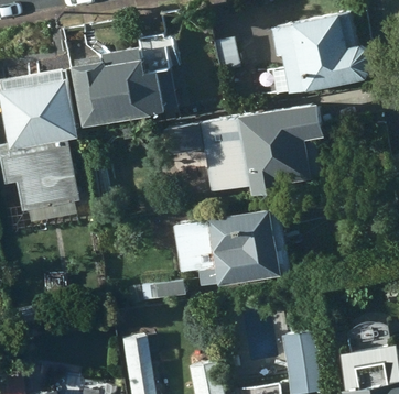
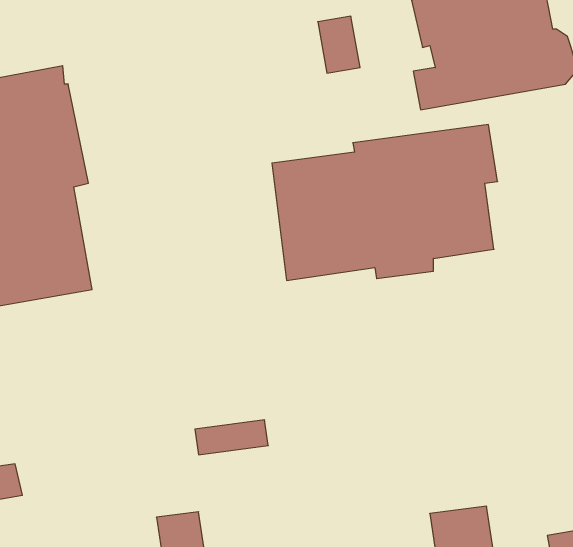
building: [71,46,163,128] -> none
building: [173,207,290,286] -> none

